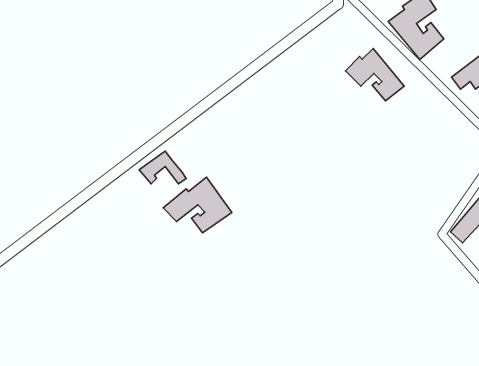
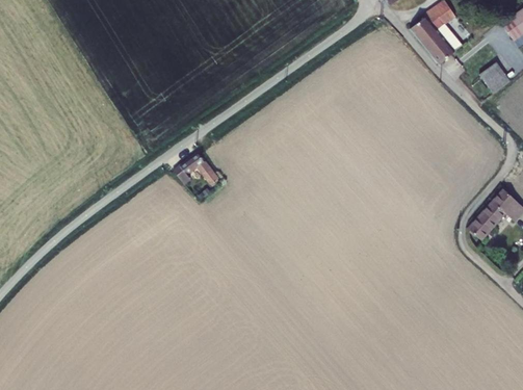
building: [345,49,404,101] -> none
building: [163,177,232,233] -> none

